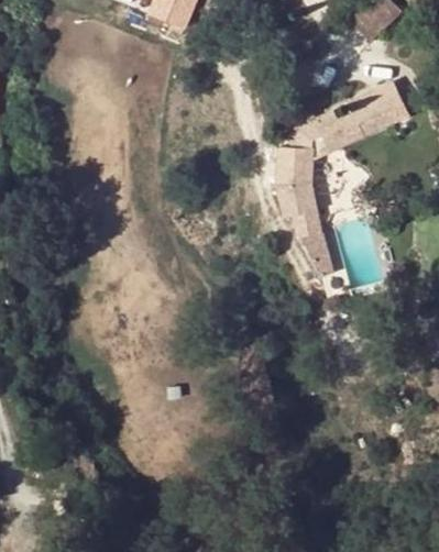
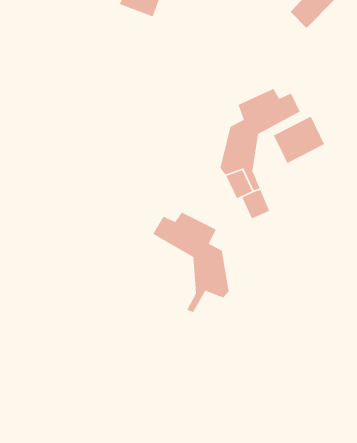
building: [348,80,409,137] -> [273,115,325,164]
building: none -> [152,211,229,313]

